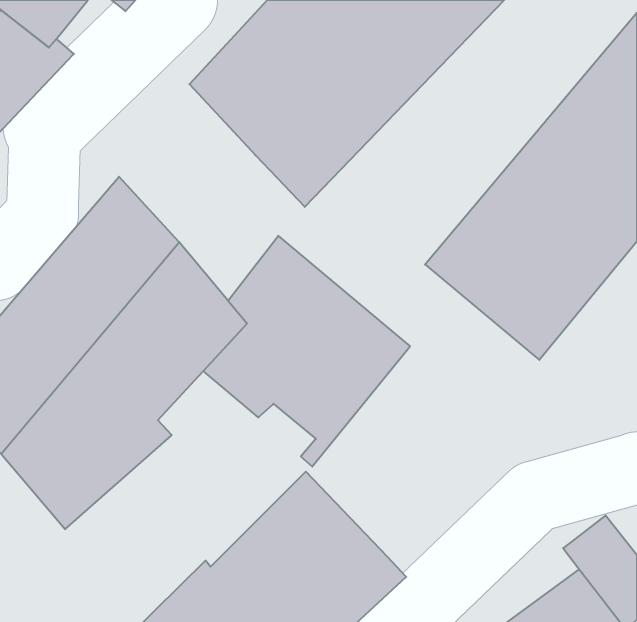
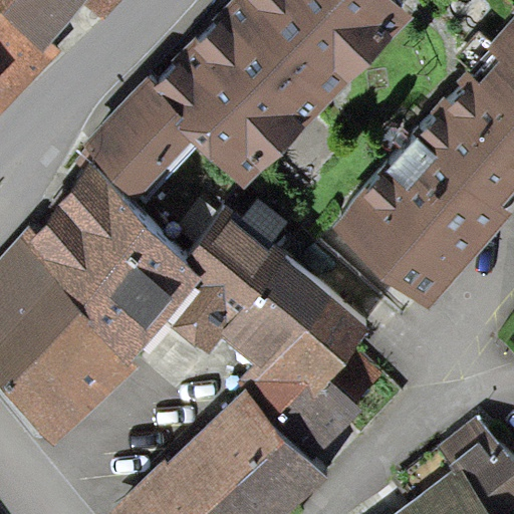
building: none -> [82,77,205,209]
building: none -> [245,292,381,461]

